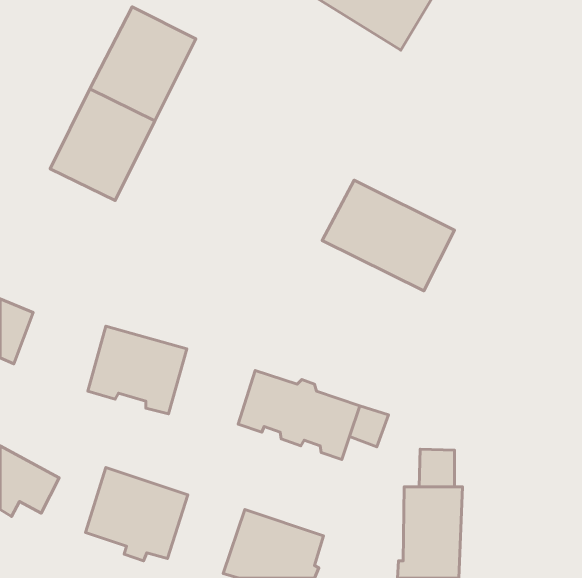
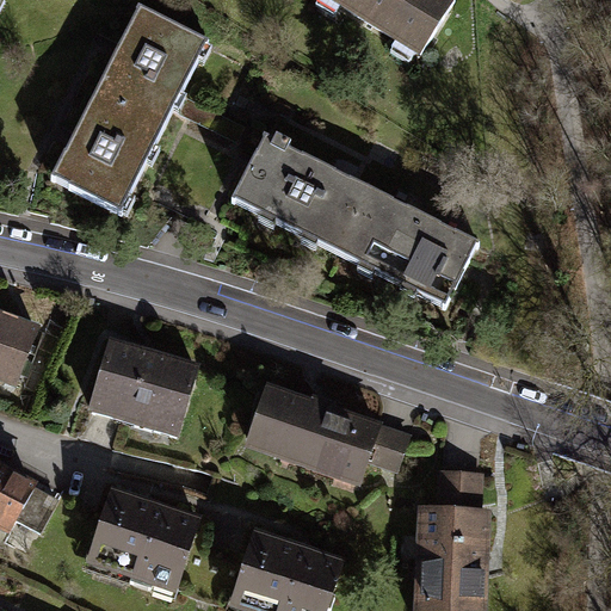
building: none -> [233,135,371,252]

